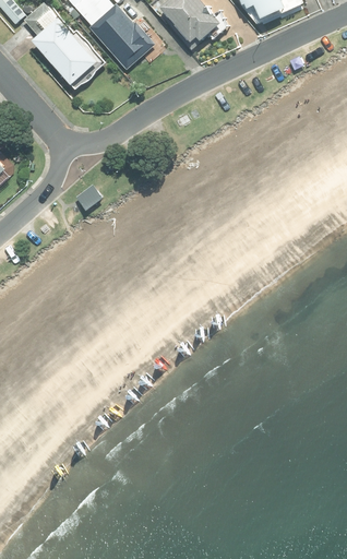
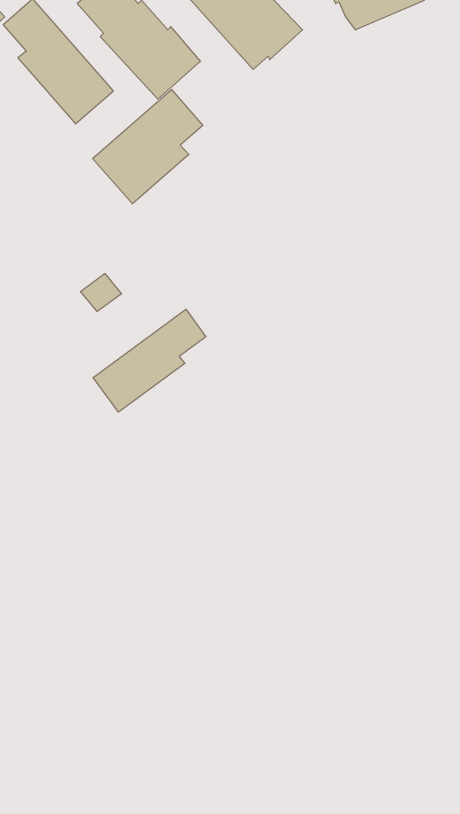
building: none -> [93,89,203,204]
building: none -> [93,309,206,412]

